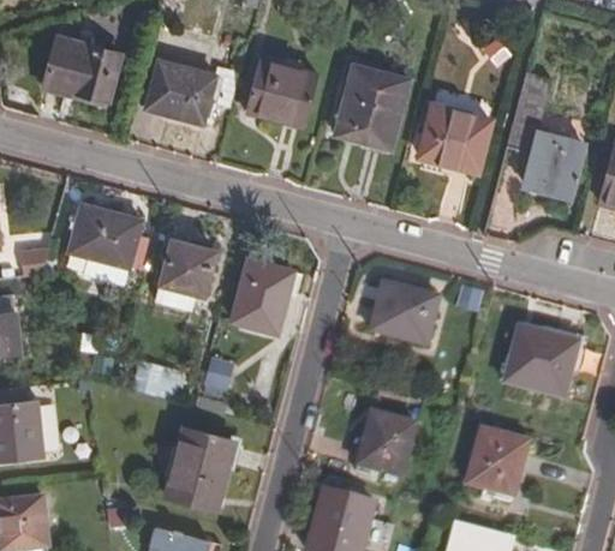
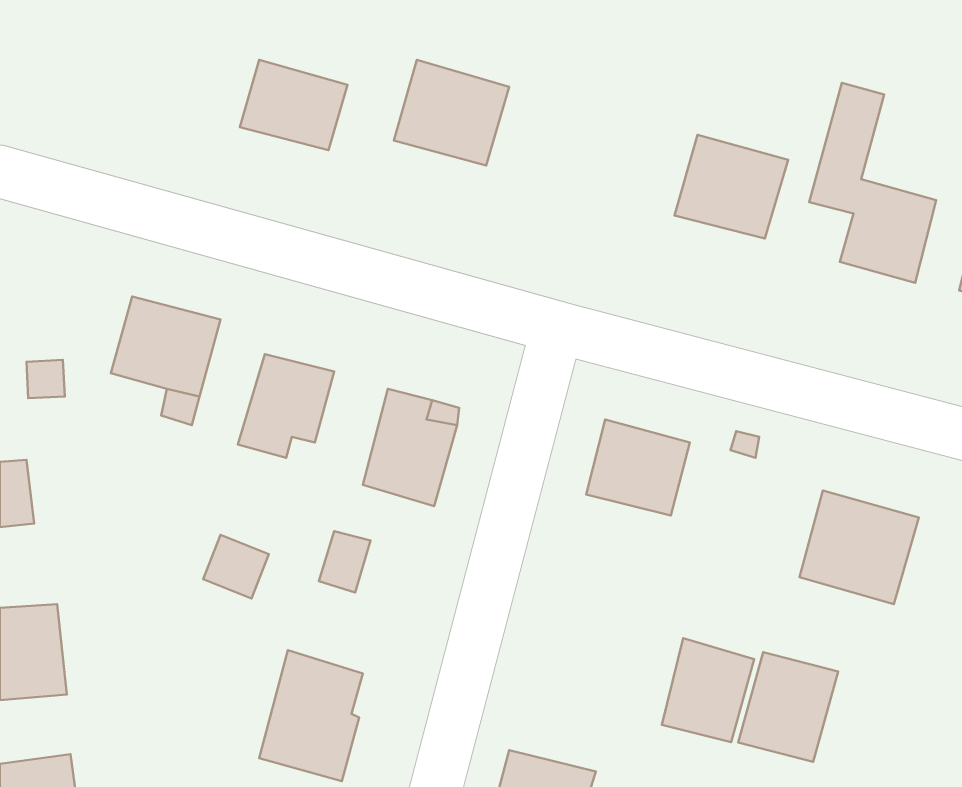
building: [46,40,123,103] -> none
building: [339,62,412,148] -> none
building: [354,412,412,477] -> [662,638,754,742]

